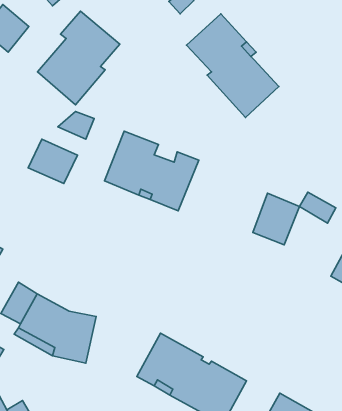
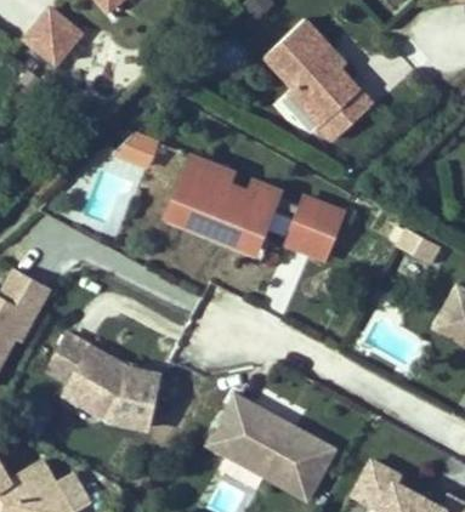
building: [37,11,120,105] -> none
building: [28,139,77,184] -> none
building: [253,193,300,245] -> [288,197,342,257]

